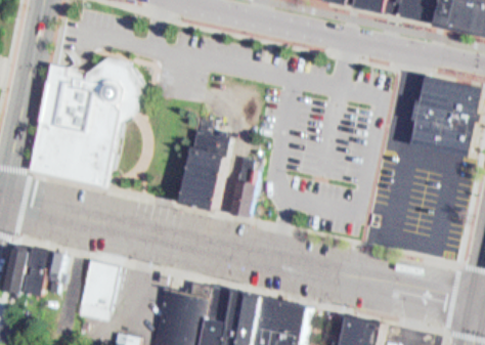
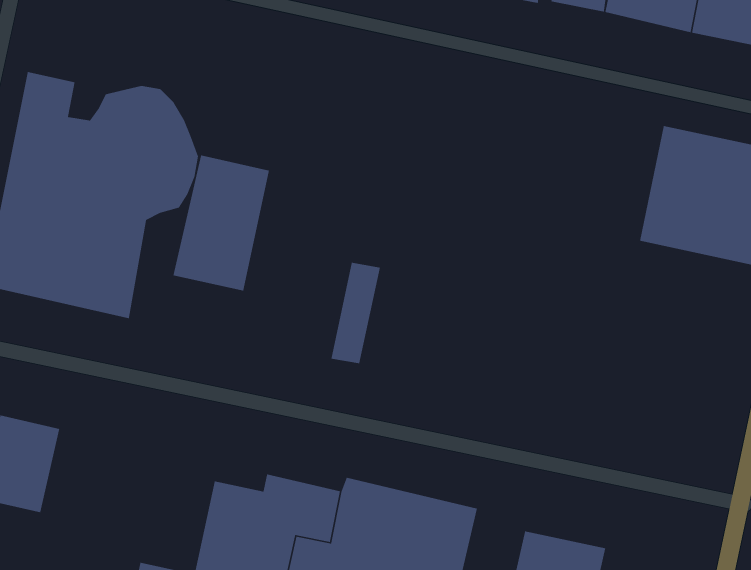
building: [179,129,236,210] -> [173,155,270,292]
building: [74,261,119,324] -> none

